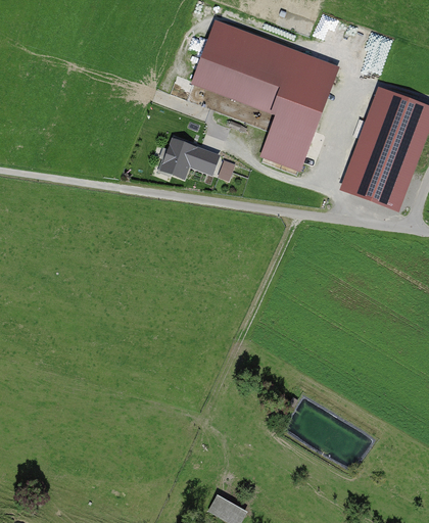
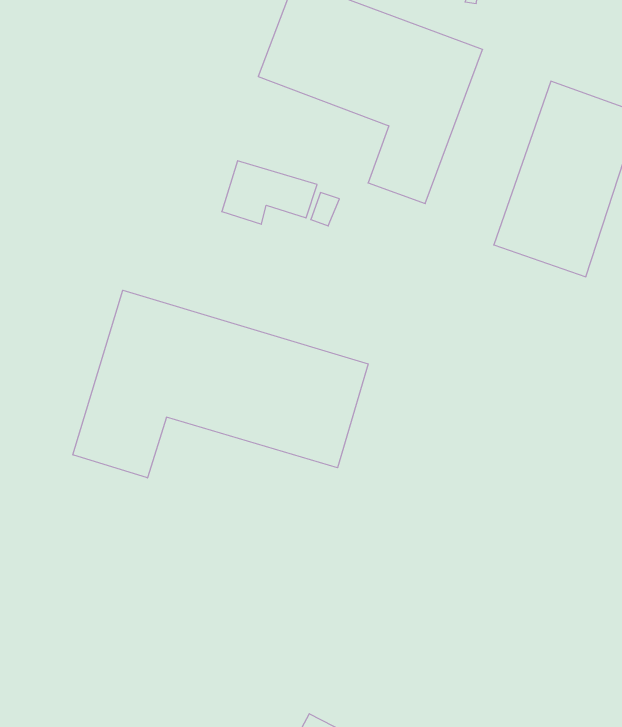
building: none -> [73,290,368,478]

